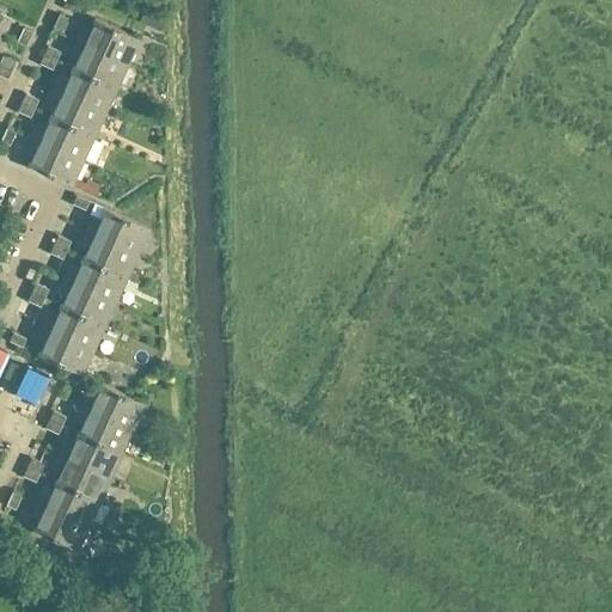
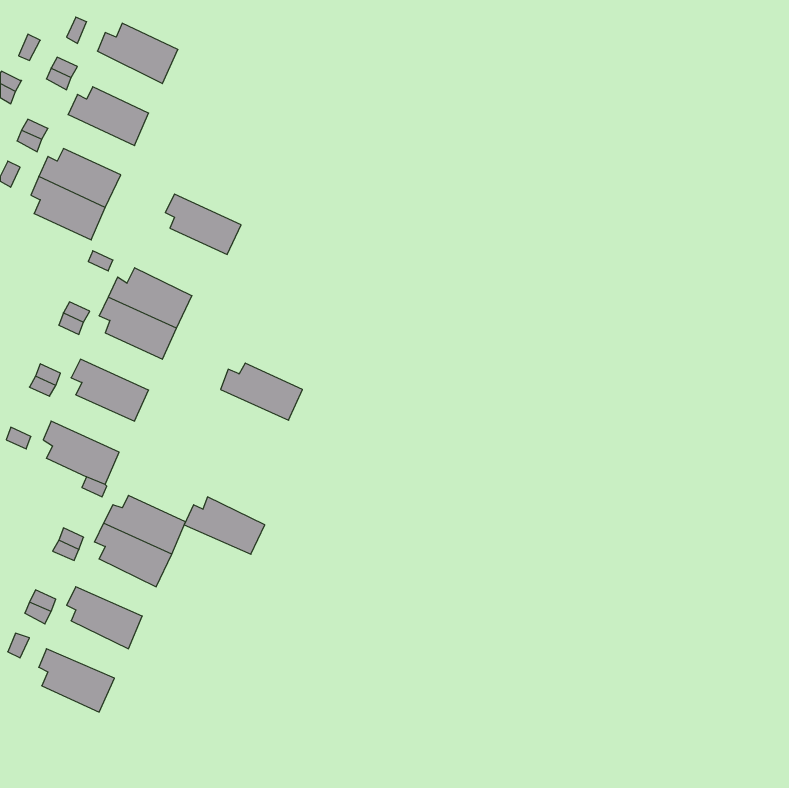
building: [69,42,127,90] -> none
building: [47,91,105,137] -> [165,194,241,254]
building: [63,259,127,304] -> [221,363,302,420]
building: [41,307,105,351] -> none
building: [60,434,122,478] -> [184,497,265,554]
building: [37,482,100,526] -> none

